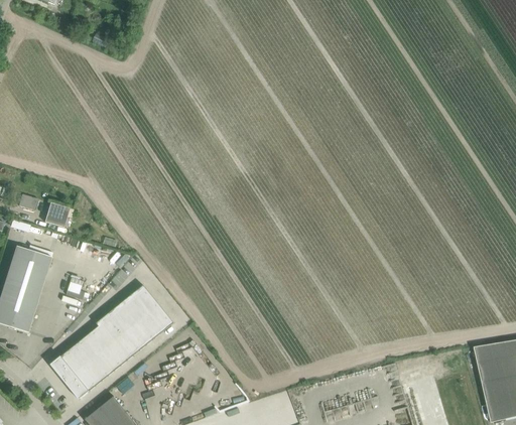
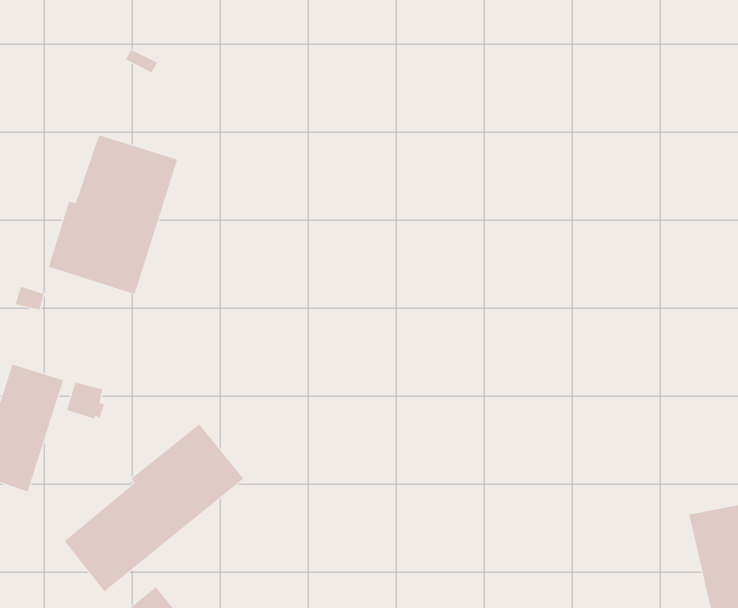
building: none -> [48,135,178,295]
building: [44,202,71,228] -> [66,382,105,419]

